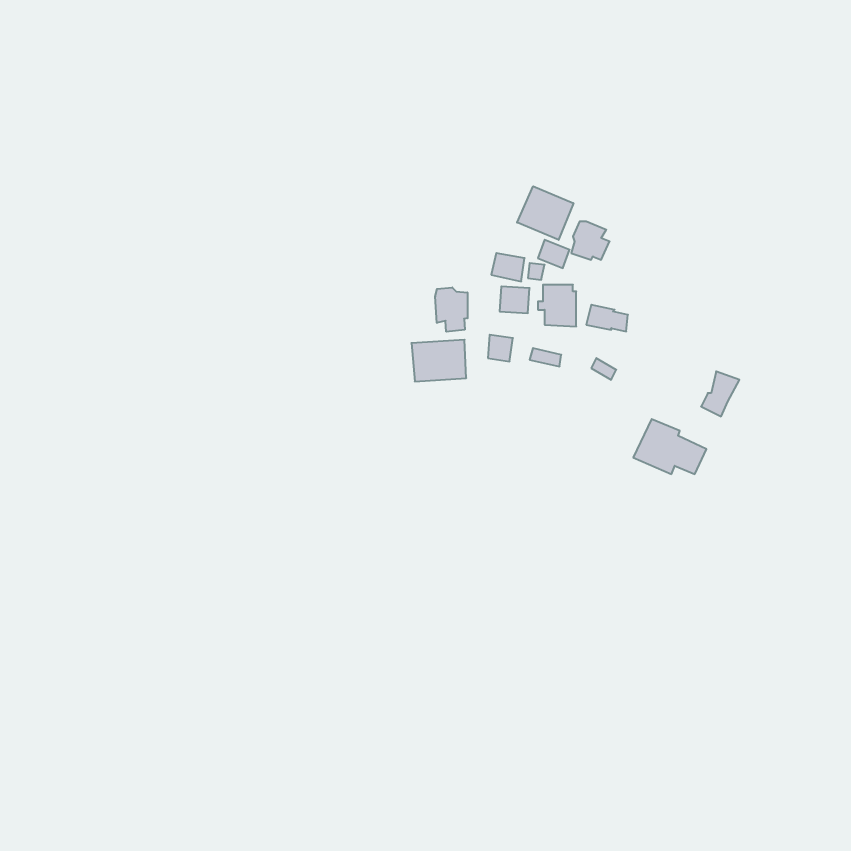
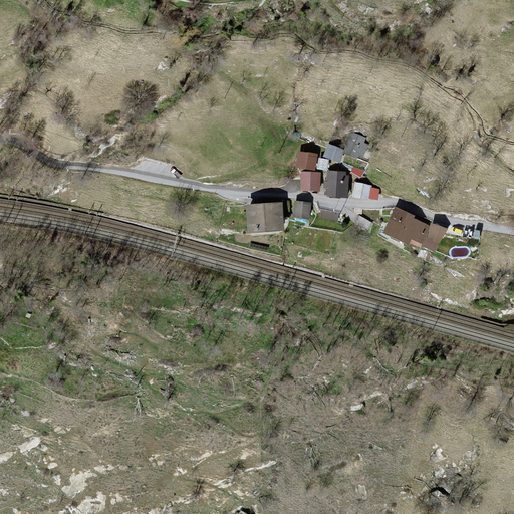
building: [517,186,573,240] -> none
building: [435,287,468,332] -> none
building: [633,419,706,474] -> [384,209,429,242]

